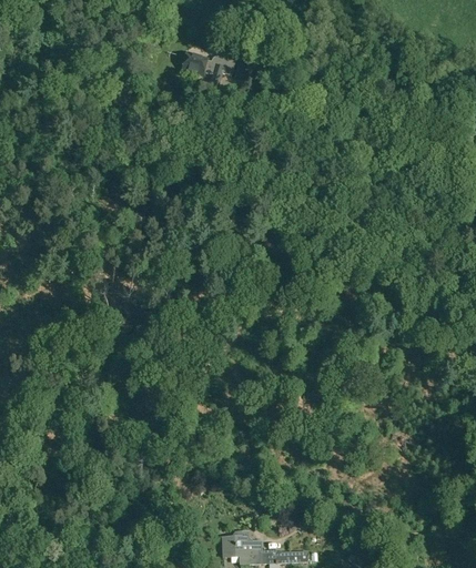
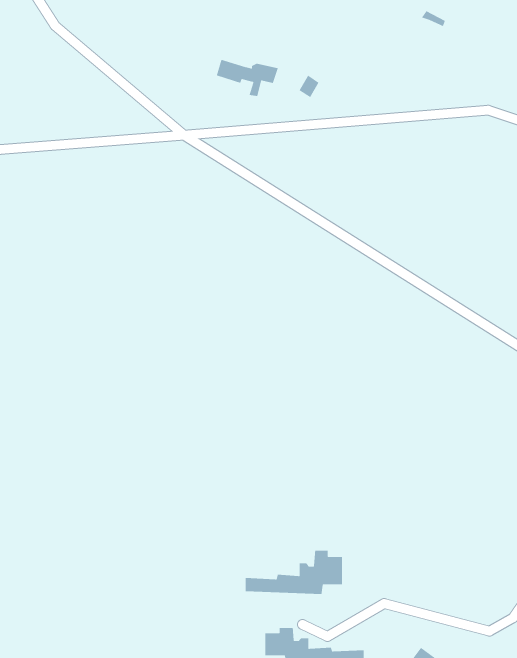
building: none -> [245,550,343,595]

